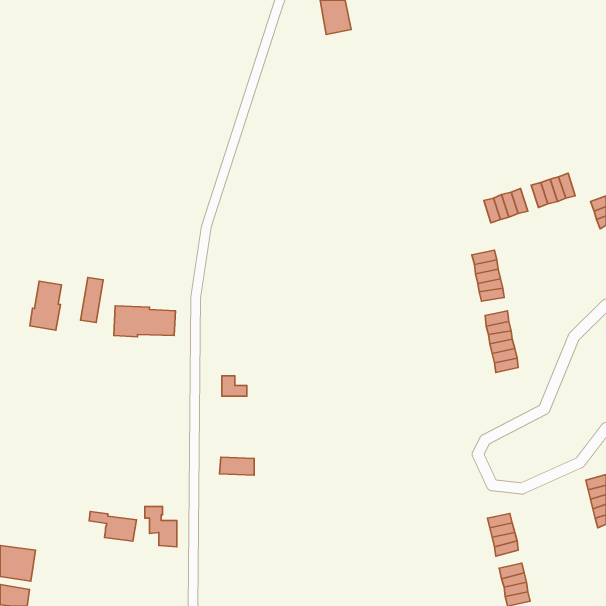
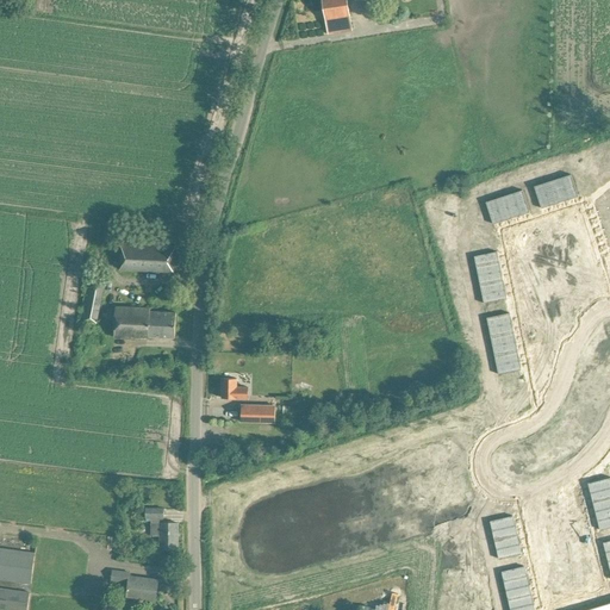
building: none -> [119,243,175,272]
building: [30,281,61,330] -> none
building: [220,457,254,475] -> [241,405,275,423]
building: [89,511,136,541] -> [111,571,158,600]

